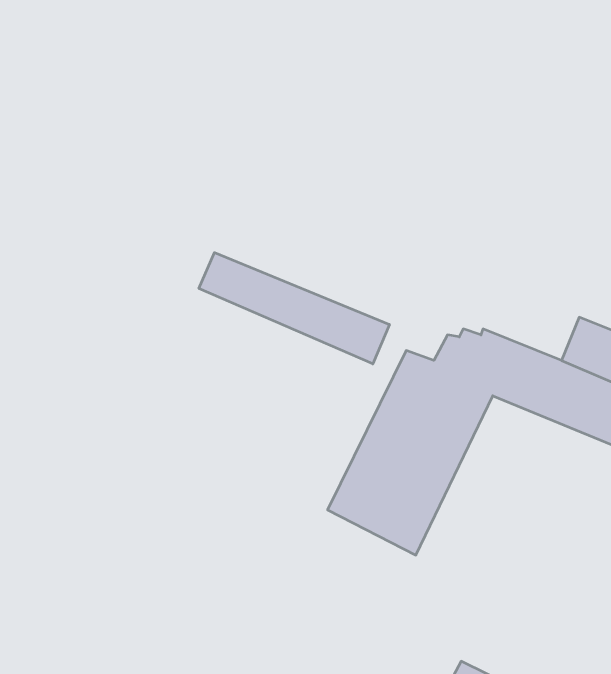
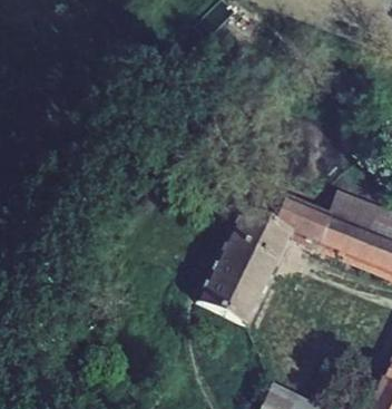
building: [199,253,389,364] -> none

